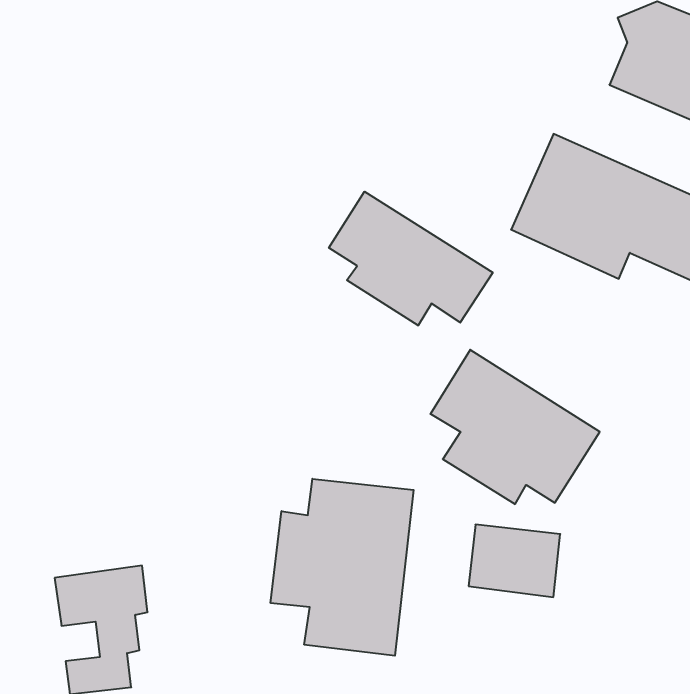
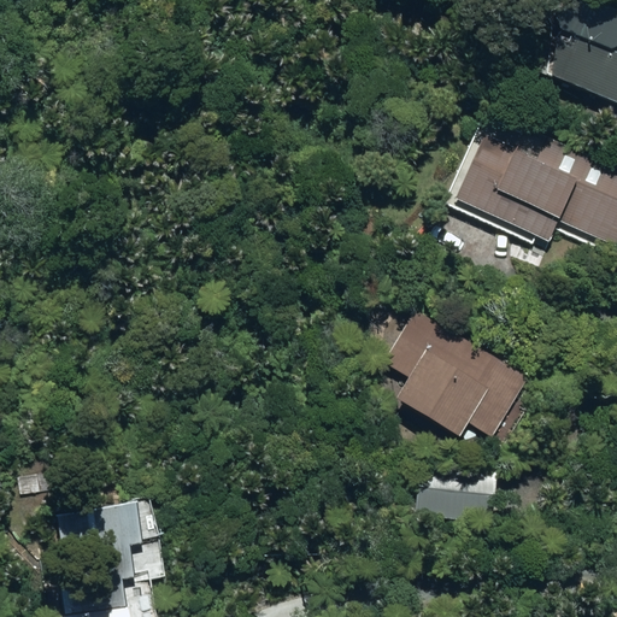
building: [329,192,493,326] -> none
building: [271,479,414,656] -> none

